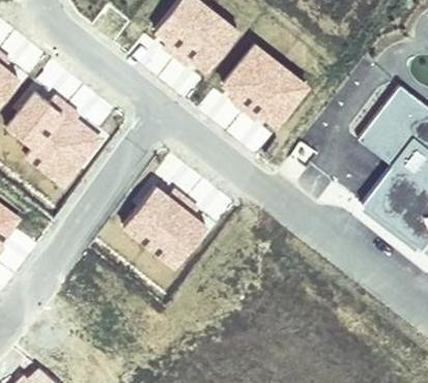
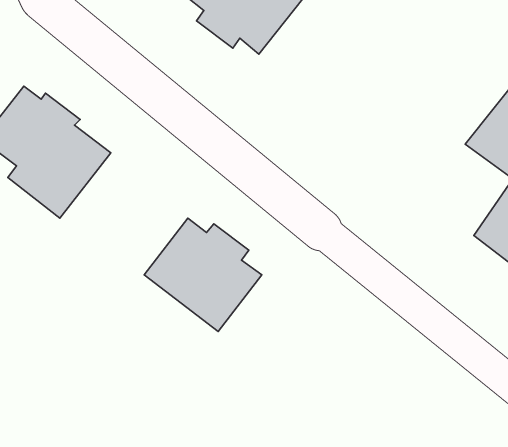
building: [226,45,309,123] -> none

